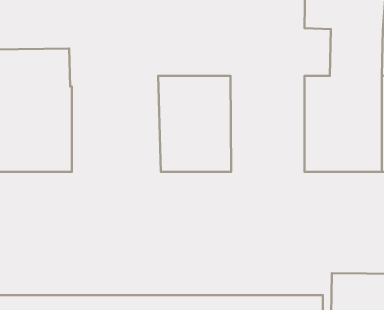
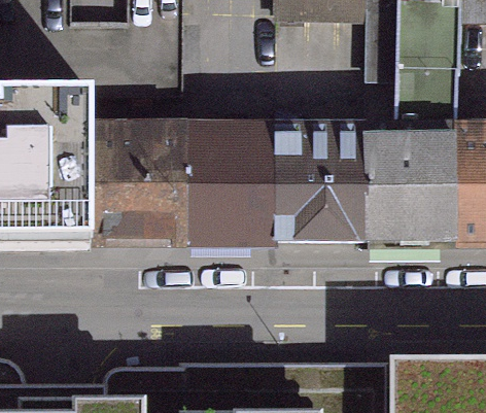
building: none -> [105,131,209,243]
building: none -> [290,131,377,243]

